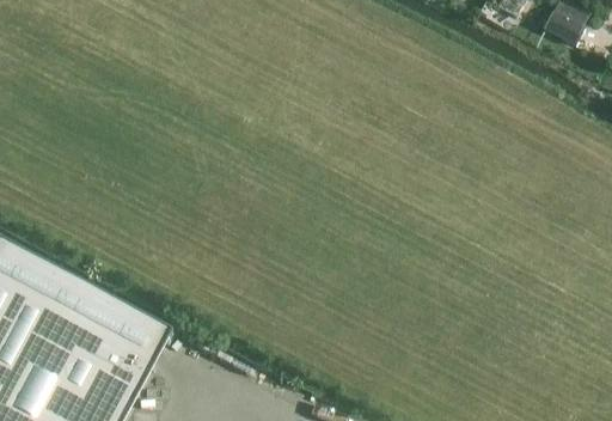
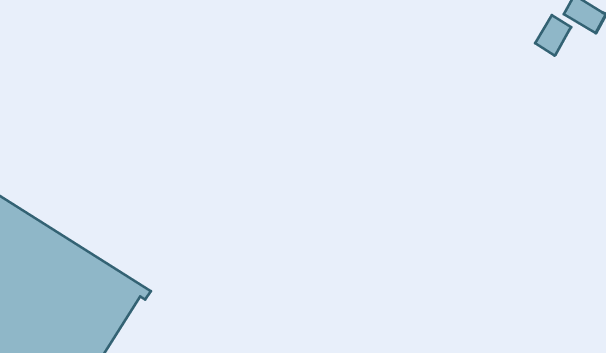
building: none -> [535,15,571,55]

